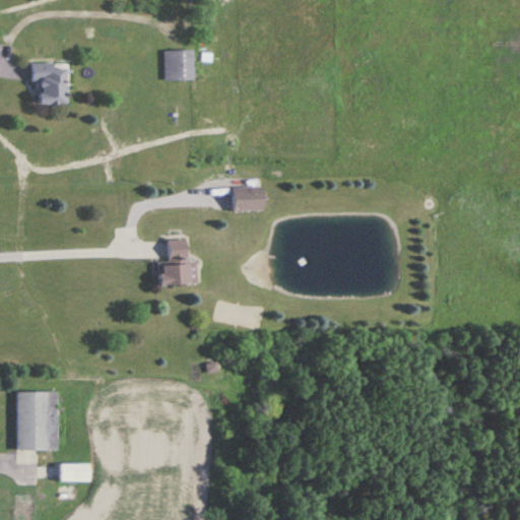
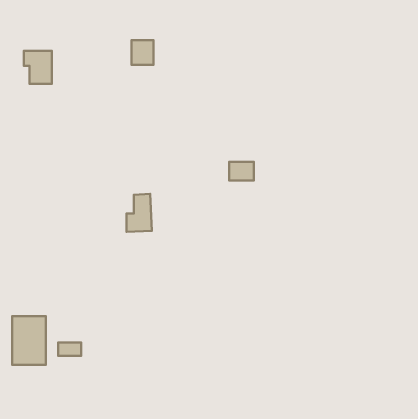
building: [234,187,264,210] -> [229,162,254,181]
building: [61,464,89,480] -> [58,343,81,356]

